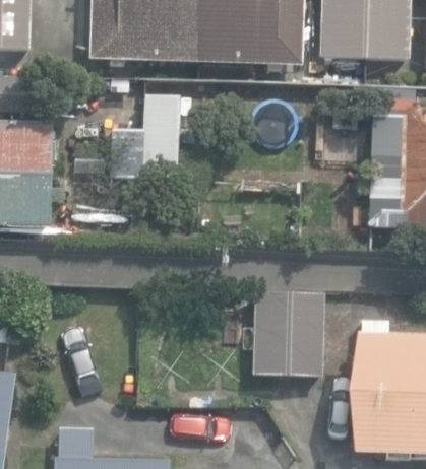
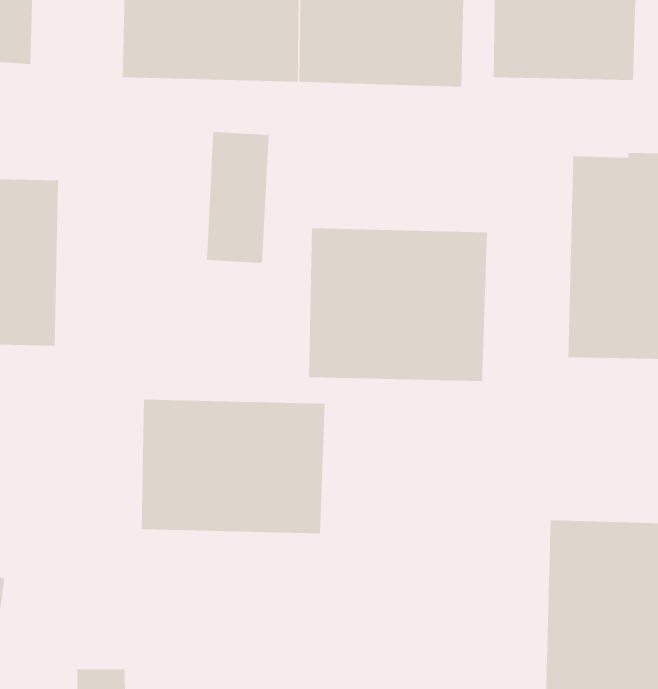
building: none -> [308,227,488,382]
building: none -> [141,399,325,534]
building: [253,290,325,376] -> none

